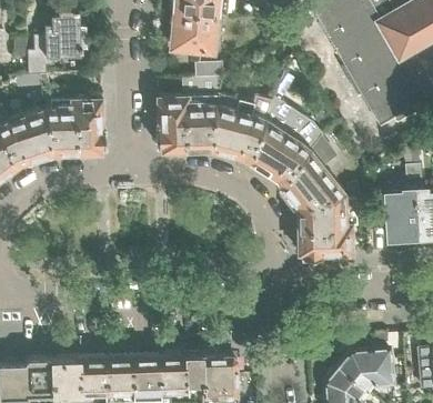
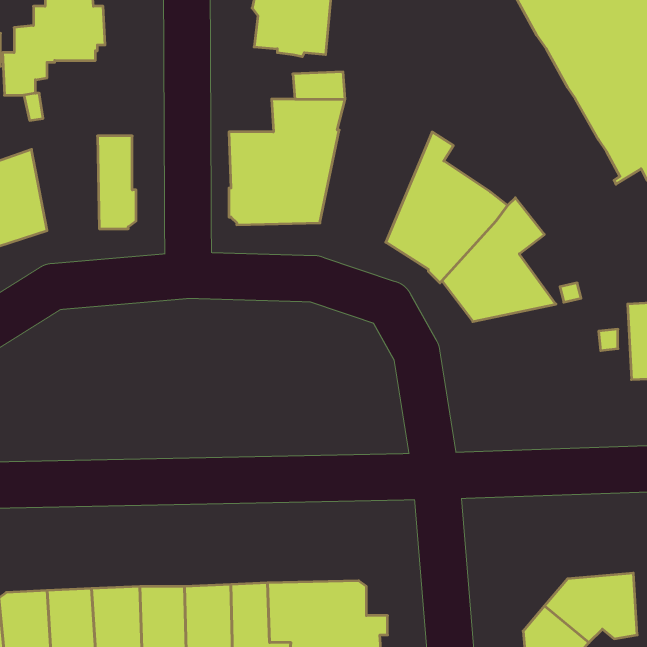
building: [209,95,271,160] -> none
building: [43,99,82,153] -> none
building: [296,195,351,258] -> none

